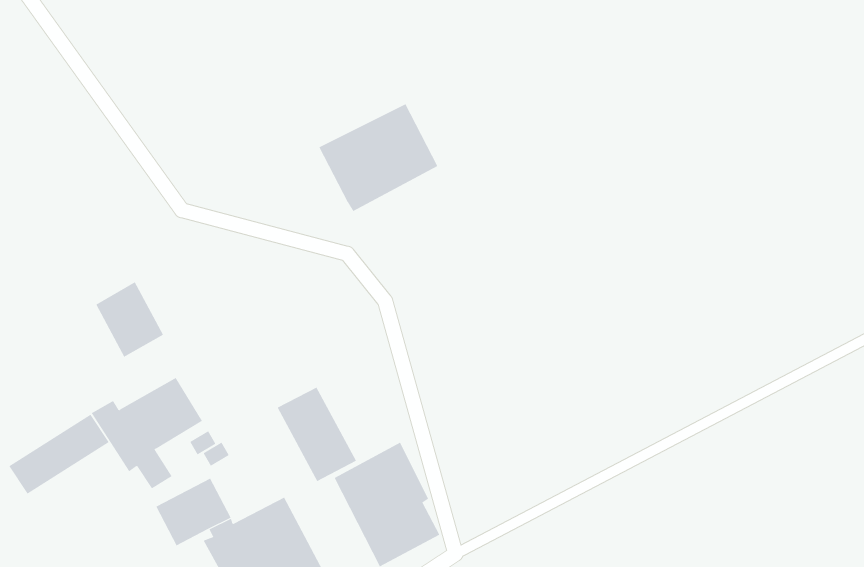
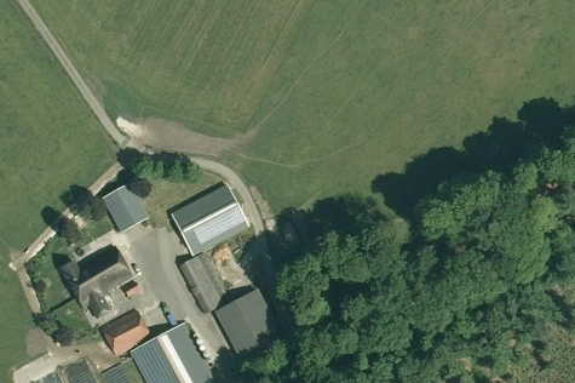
building: [319,104,438,212] -> [172,184,248,253]
building: [95,282,164,358] -> [103,182,146,230]
building: [9,414,110,495] -> none

